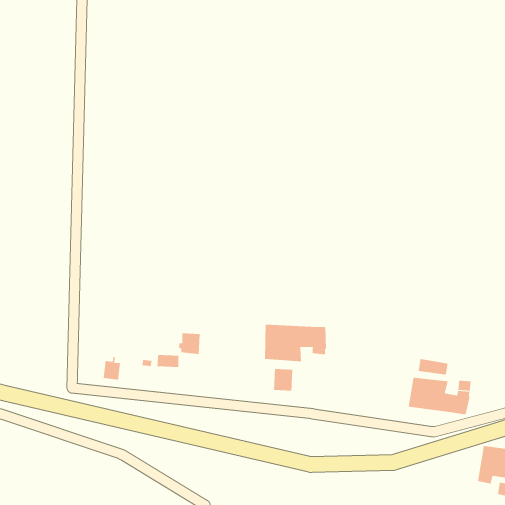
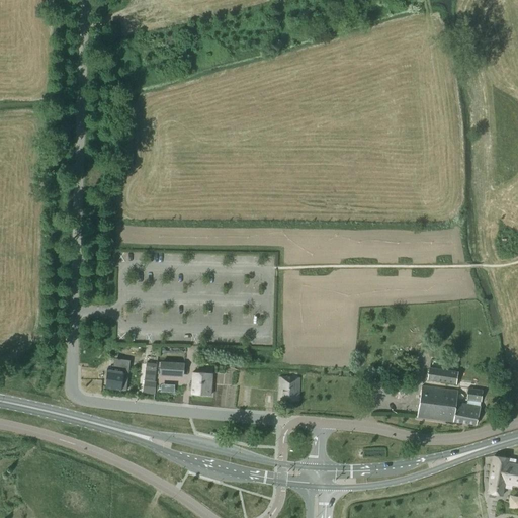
building: [265,324,327,362] -> none
building: [179,333,200,355] -> [190,372,212,395]

